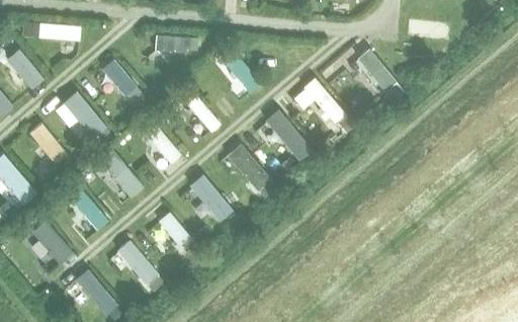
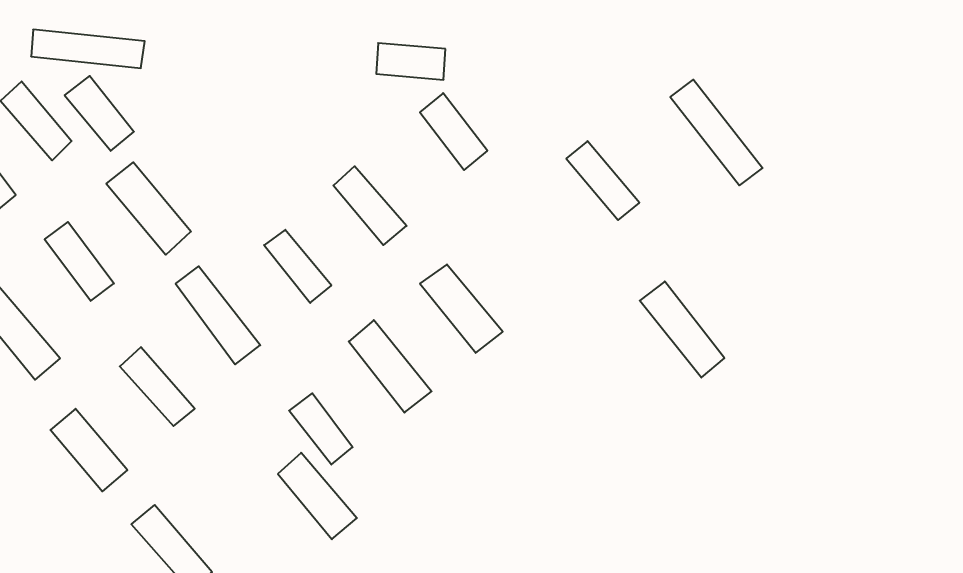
building: [155,34,191,54] -> [376,43,445,80]
building: [100,59,137,98] -> [65,76,134,151]
building: [266,110,311,161] -> [640,281,724,378]
building: [116,240,158,286] -> [278,453,357,539]

